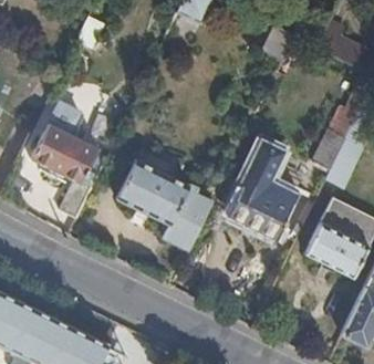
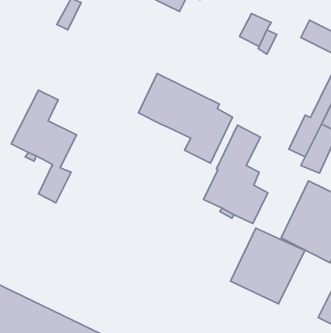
building: [115,159,210,250] -> [138,74,232,163]
building: none -> [230,228,305,304]

